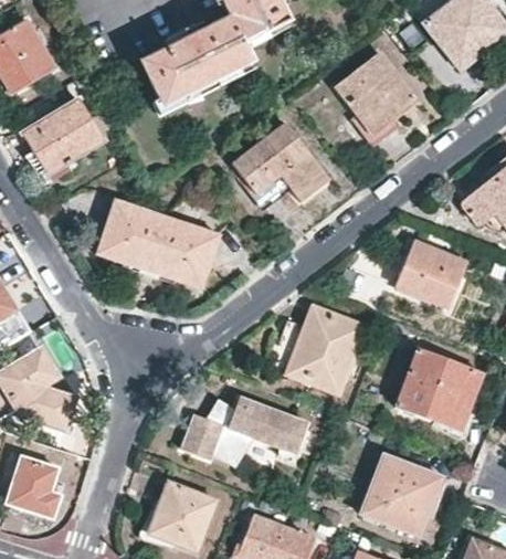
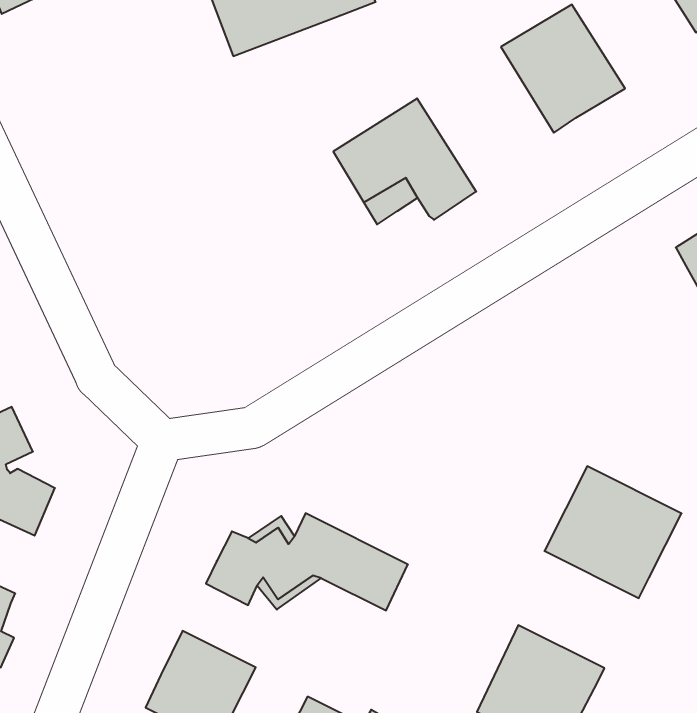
building: [22,97,102,172] -> none
building: [96,198,220,288] -> none
building: [396,241,465,305] -> none
building: [270,307,361,389] -> none

